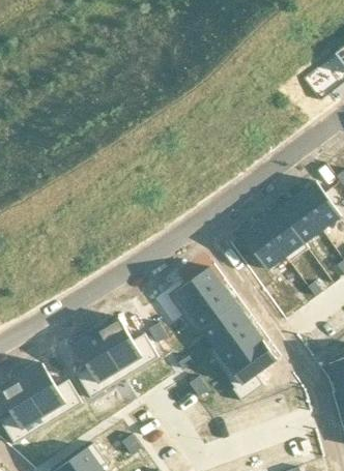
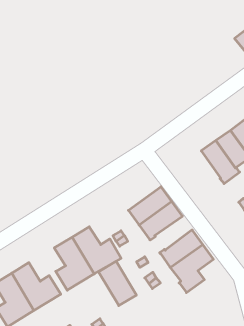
building: [241,220,285,285] -> none
building: [201,303,249,347] -> none
building: none -> [99,261,136,306]

